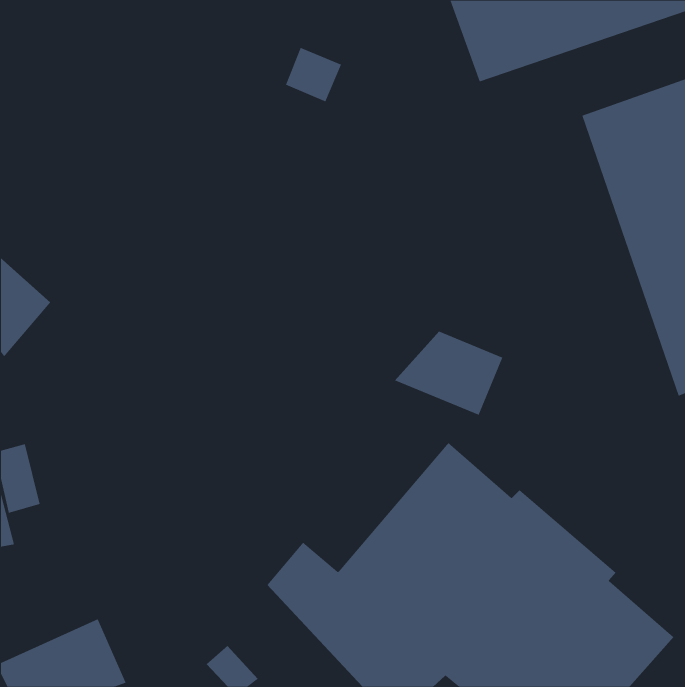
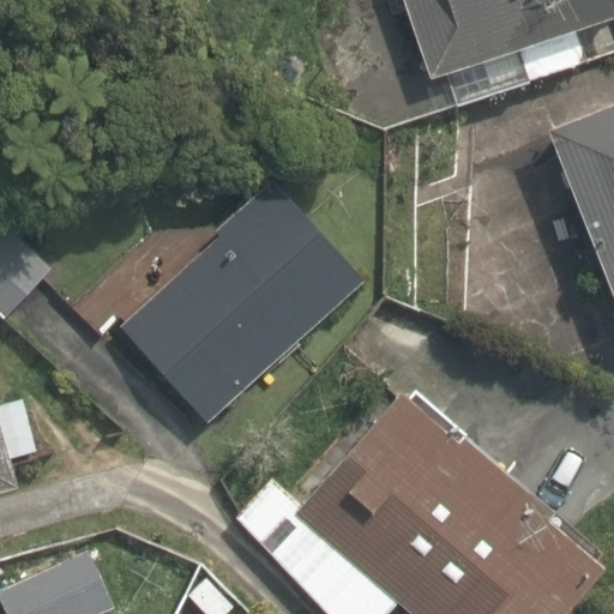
building: none -> [125,182,365,423]

